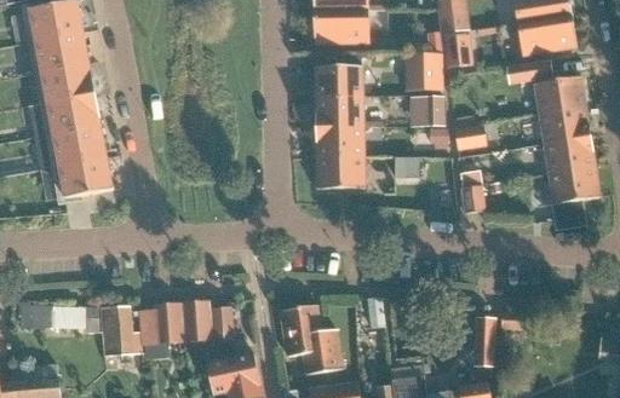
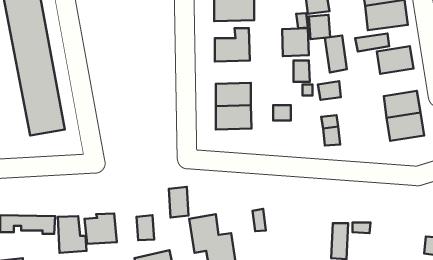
building: none -> [325,36,347,72]
building: [315,97,363,128] -> none
building: [539,108,589,145] -> none
building: [183,301,209,342] -> [169,187,188,217]

